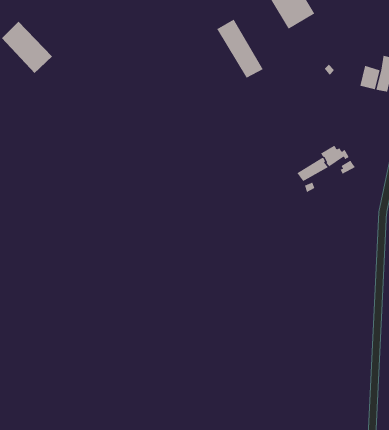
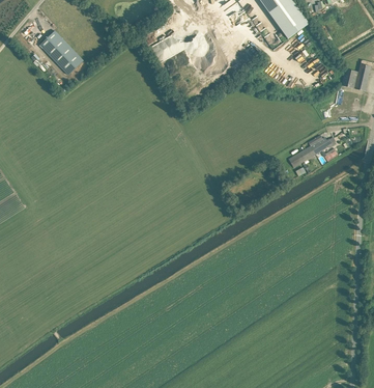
building: [217,19,263,79] -> none

